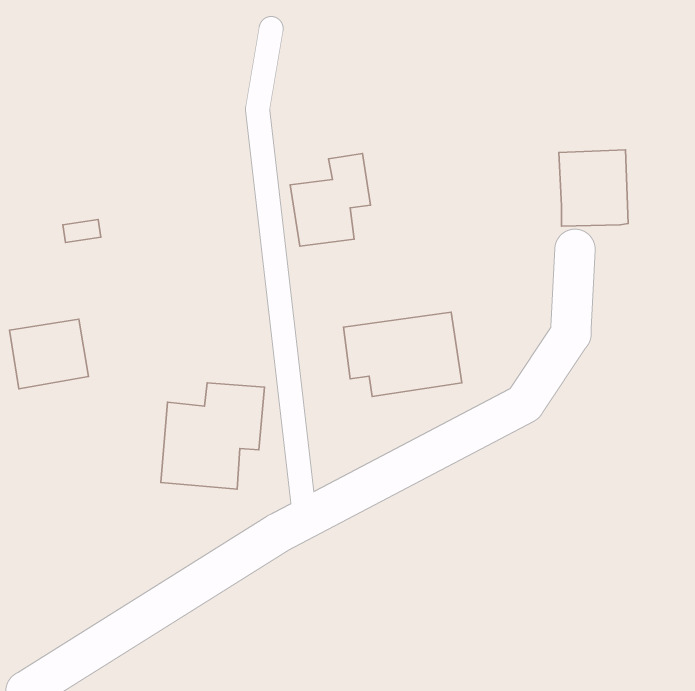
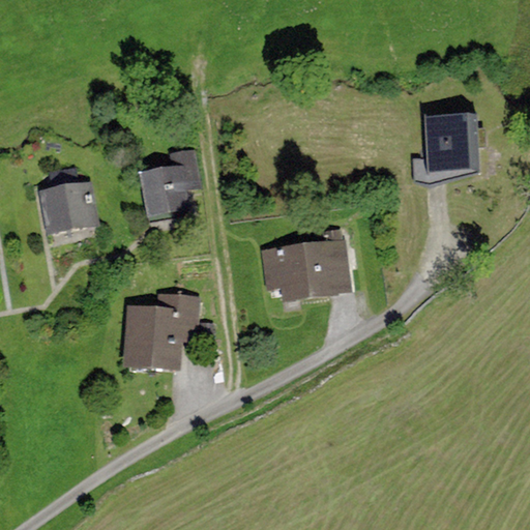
building: [290,153,371,246] -> [140,147,201,217]
building: [9,319,88,389] -> [37,182,97,235]

